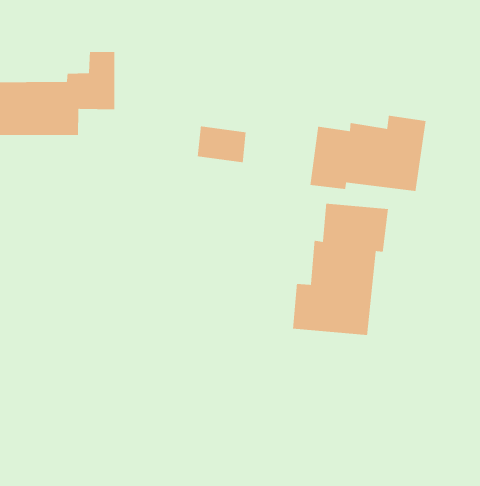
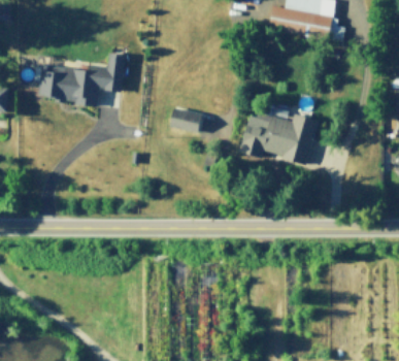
building: [292,203,389,336] -> none

